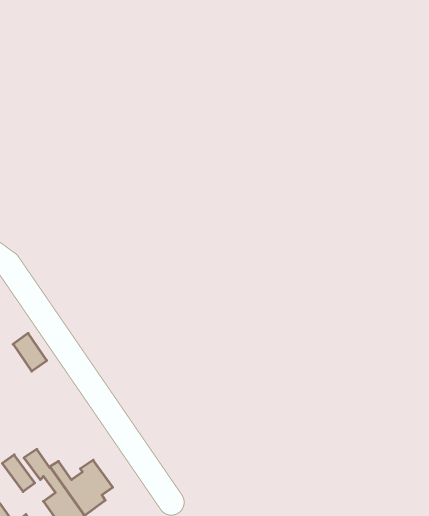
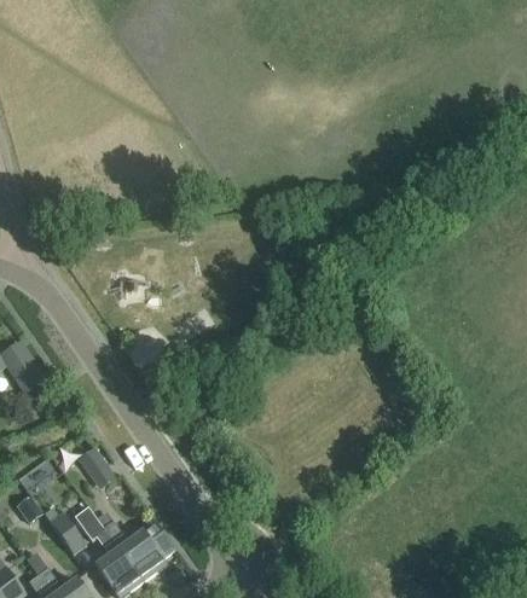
building: [13,333,47,371] -> [79,447,116,489]

